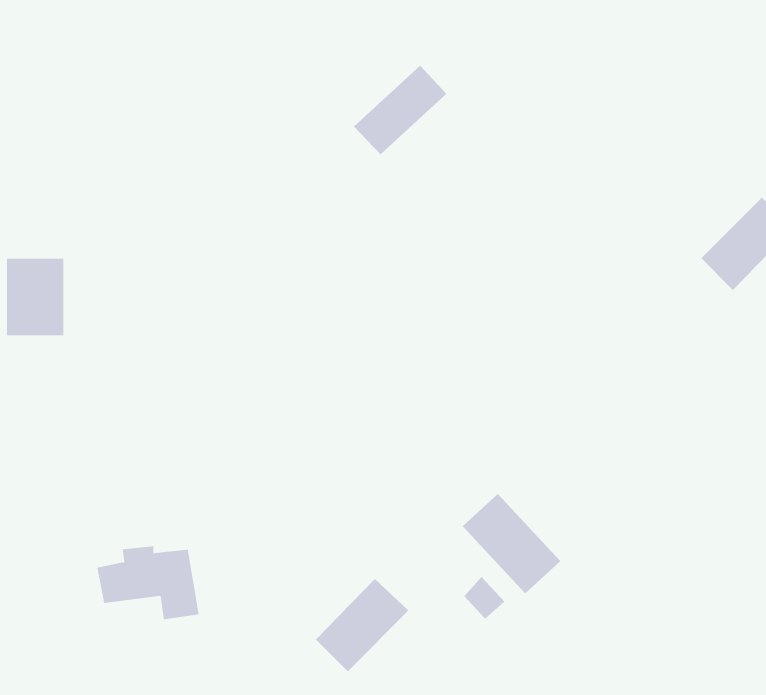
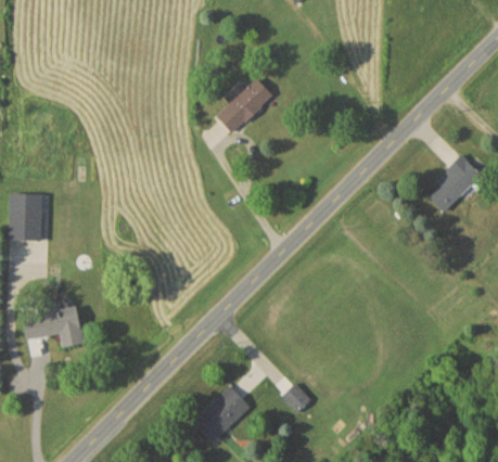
building: [462,493,561,594] -> none
building: [96,546,199,620] -> [23,304,85,348]

